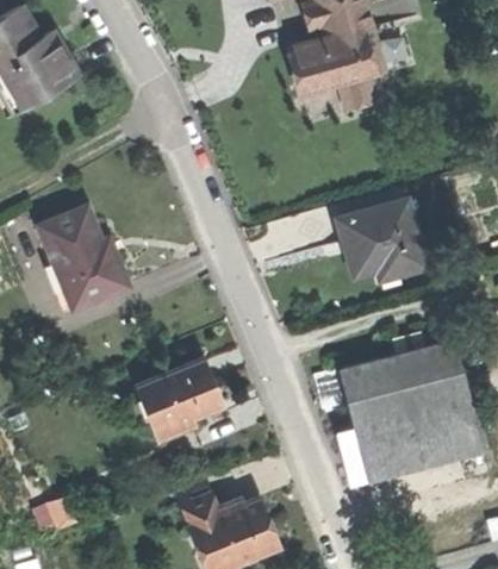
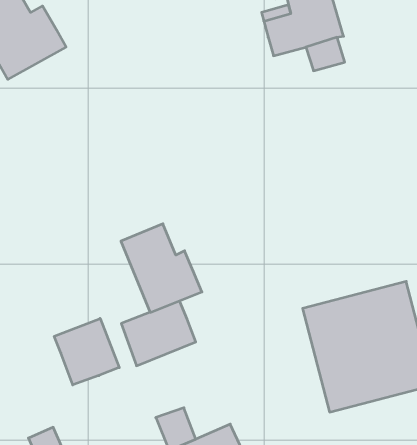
building: [338,200,424,277] -> none
building: [36,207,125,305] -> [121,224,202,312]
building: none -> [54,318,119,385]

